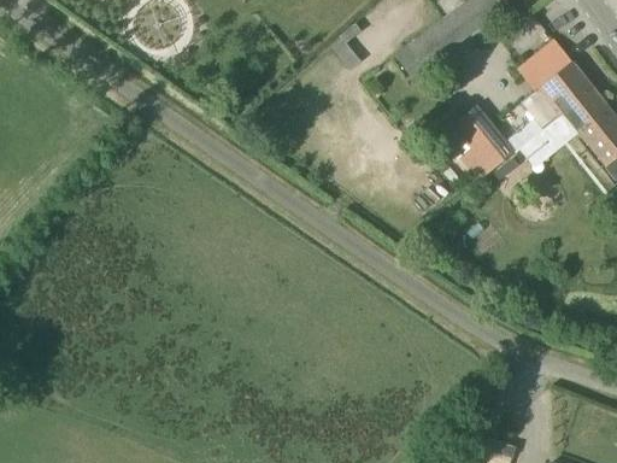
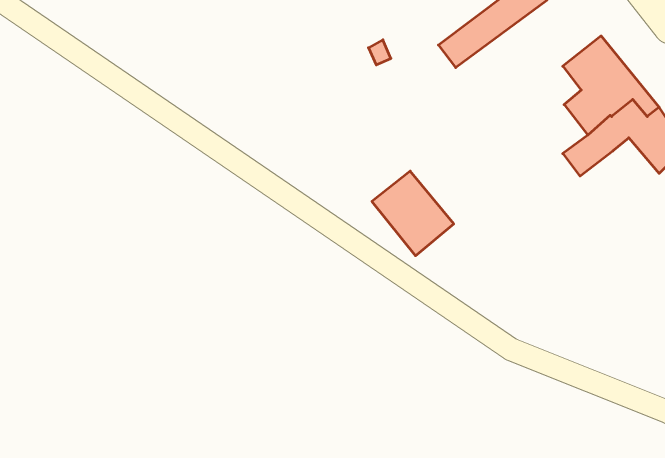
building: [439,104,513,181] -> [372,171,454,256]

